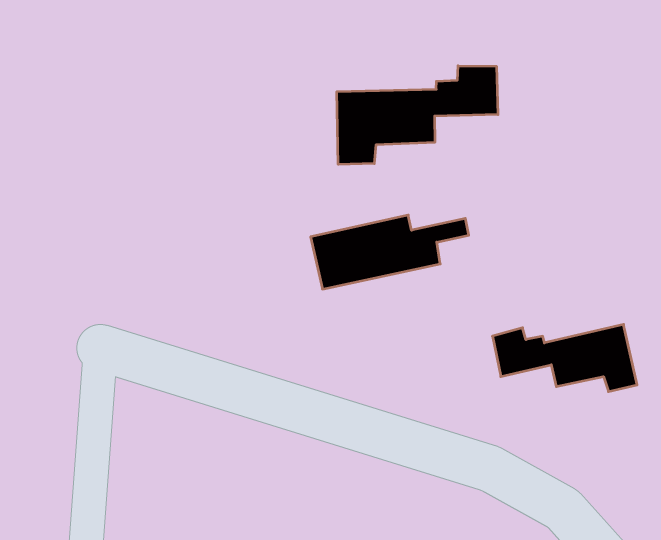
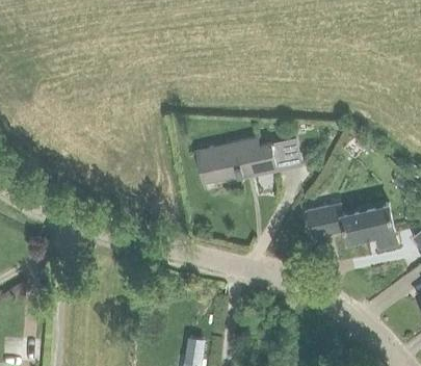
building: [337,66,498,164] -> none

